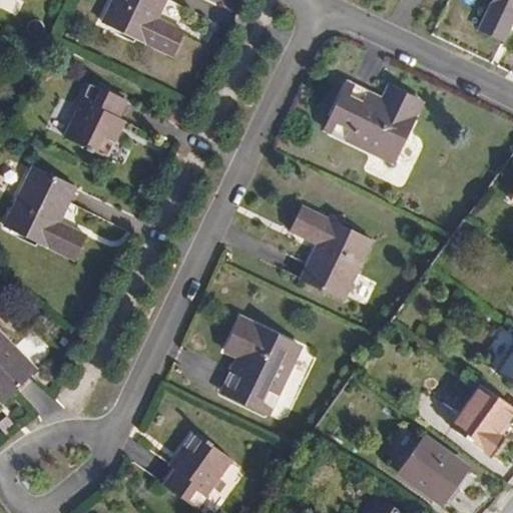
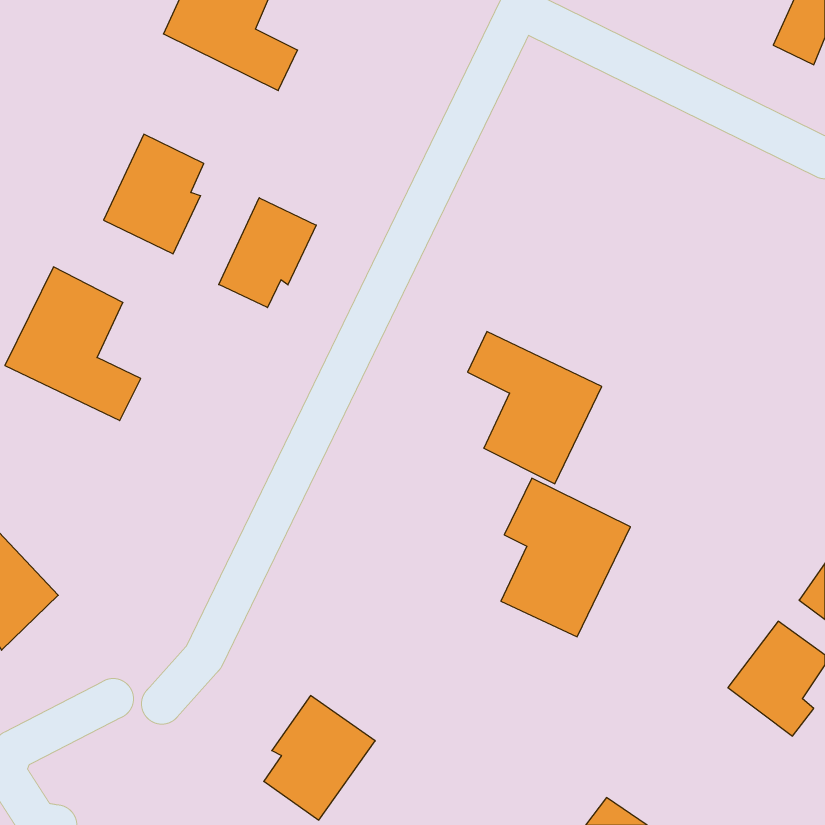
building: [325,82,423,162] -> none
building: none -> [219,198,316,308]
building: [221,316,302,414] -> [501,478,630,637]
building: [400,438,468,503] -> none

